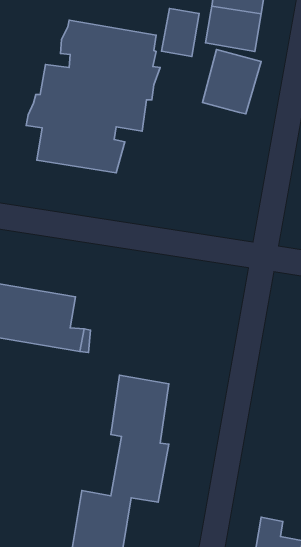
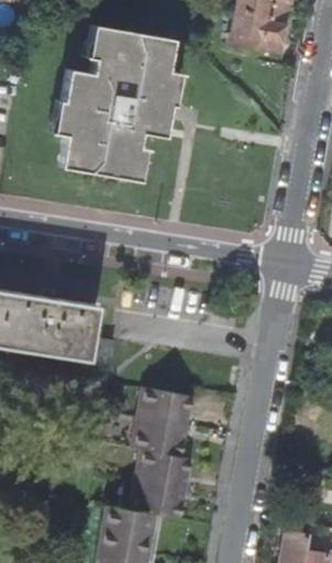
building: [161,8,199,57] -> none
building: [203,50,261,114] -> none

